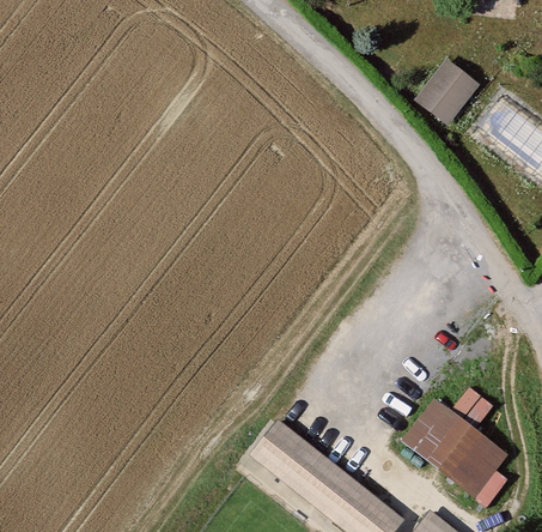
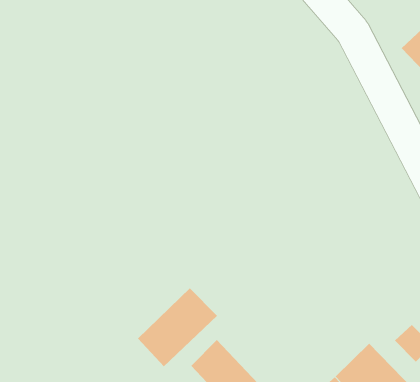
building: none -> [137,287,218,367]

